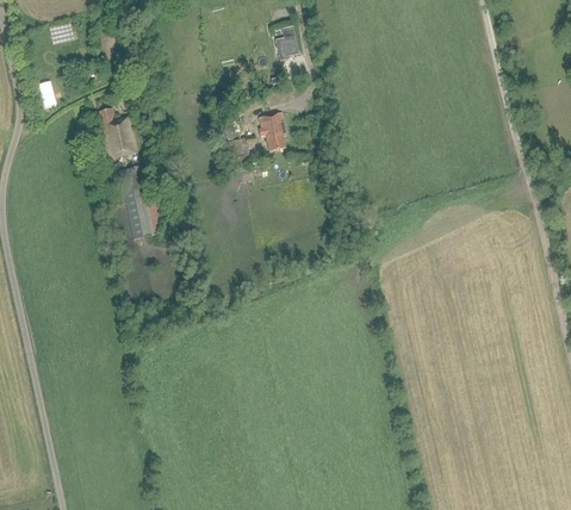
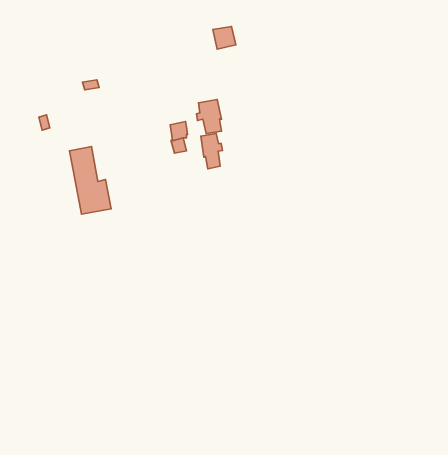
building: [99,107,137,158] -> none
building: none -> [201,134,223,169]

